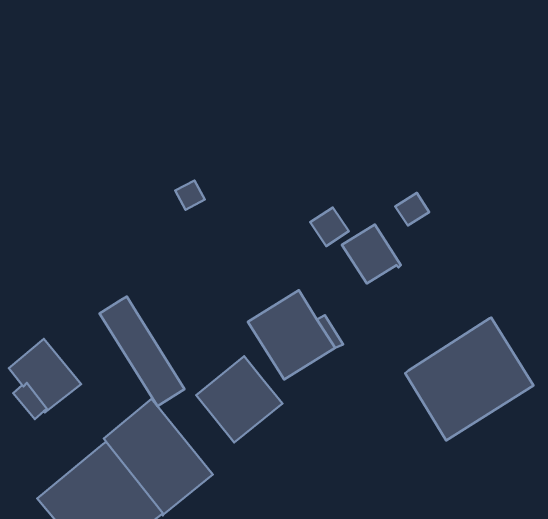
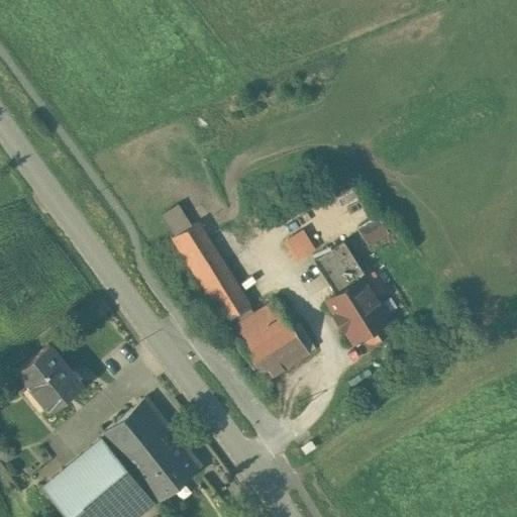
building: none -> [328,280,390,342]
building: [100,296,185,406] -> [175,224,250,322]
building: [405,318,534,440] -> none
building: [196,356,282,442] -> none

